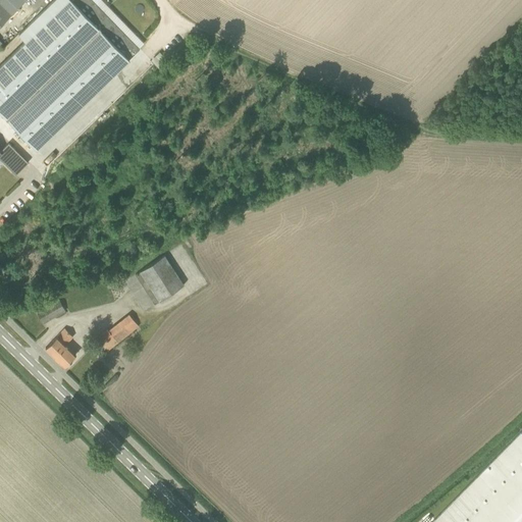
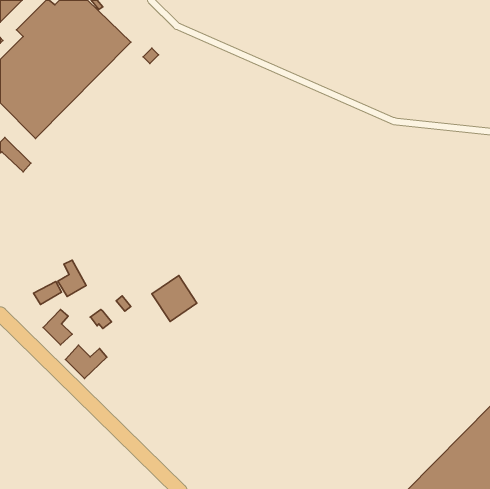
building: [137,257,185,306] -> [152,275,197,322]
building: none -> [58,260,86,296]
building: none -> [65,345,107,378]

